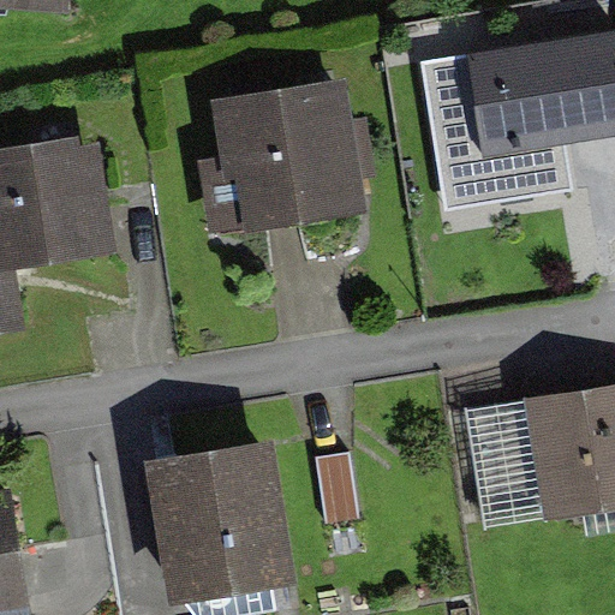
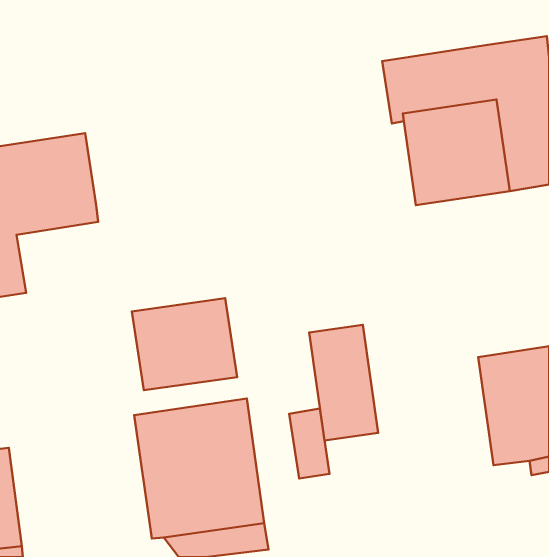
building: [202,88,369,228] -> none
building: none -> [132,298,237,390]
building: [467,393,543,520] -> [309,325,378,441]

